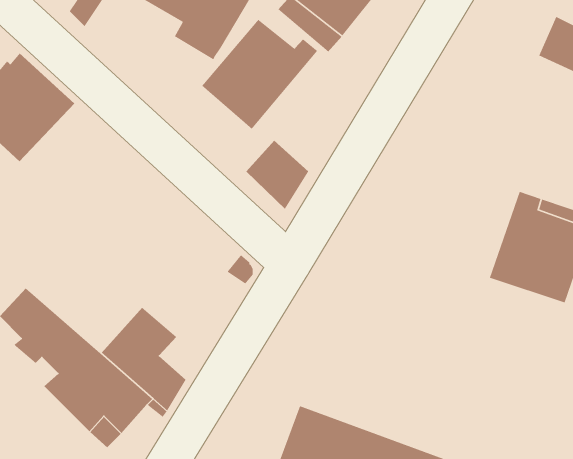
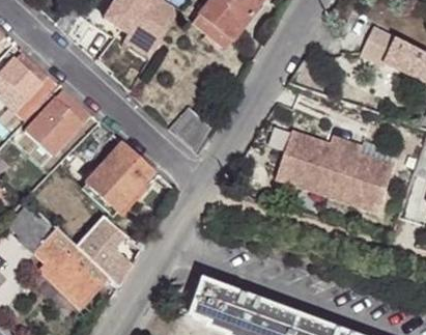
building: [201,19,318,130] -> none
building: none -> [24,86,90,155]
building: none -> [277,129,348,196]
building: none -> [84,140,154,212]

